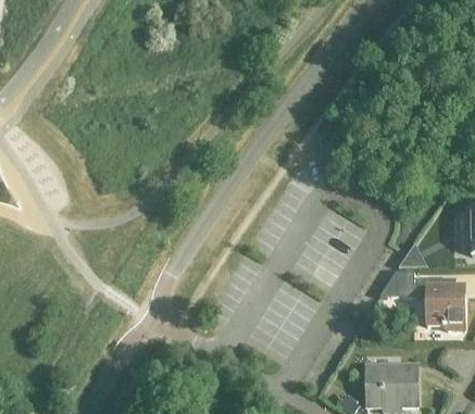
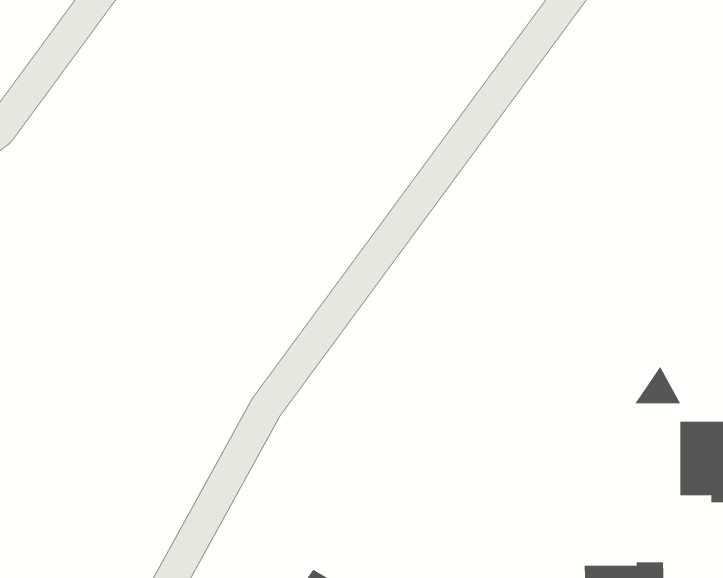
building: [379,271,414,296] -> none

